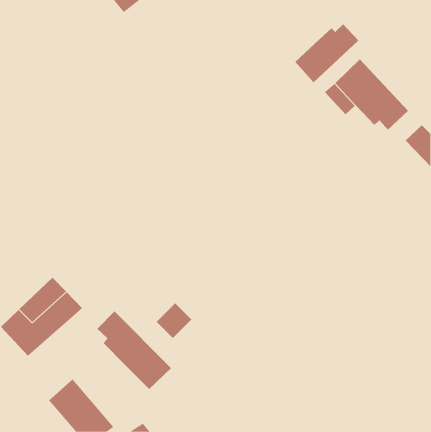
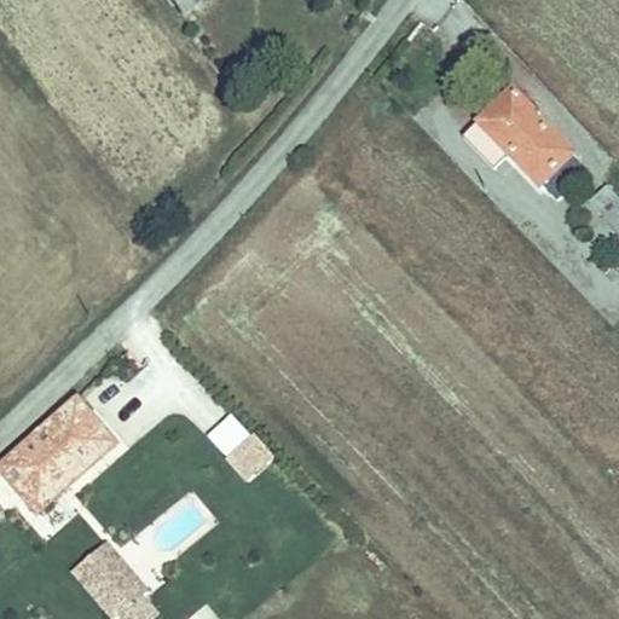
building: [295,24,359,83] -> none
building: [97,310,172,390] -> none

